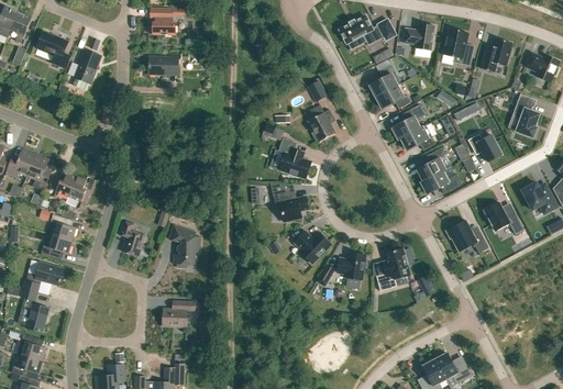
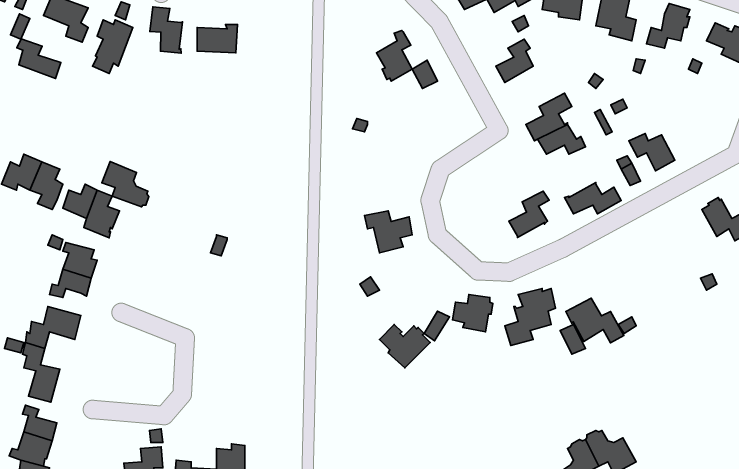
building: none -> [150,7,182,53]
building: none -> [17,39,61,79]
building: [376,84,410,108] -> none
building: [514,93,539,136] -> none
building: [308,103,334,141] -> [376,30,412,81]
building: [278,137,310,177] -> none
building: [417,146,446,180] -> [509,191,549,238]
building: none -> [102,162,149,207]
building: [484,201,525,233] -> none
building: [446,219,489,252] -> [566,298,624,343]
building: [119,220,145,255] -> none
building: [169,223,200,266] -> none
building: [294,230,331,262] -> [379,324,430,368]
building: [163,300,195,325] -> none

